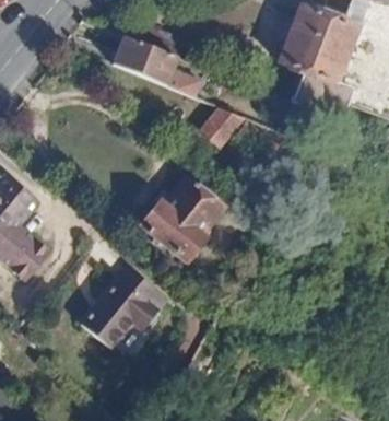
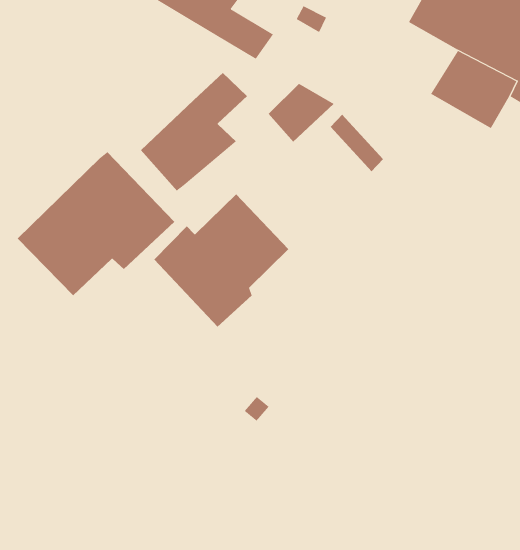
building: none -> [140,72,248,191]
building: [73,260,167,350] -> [17,151,175,296]

